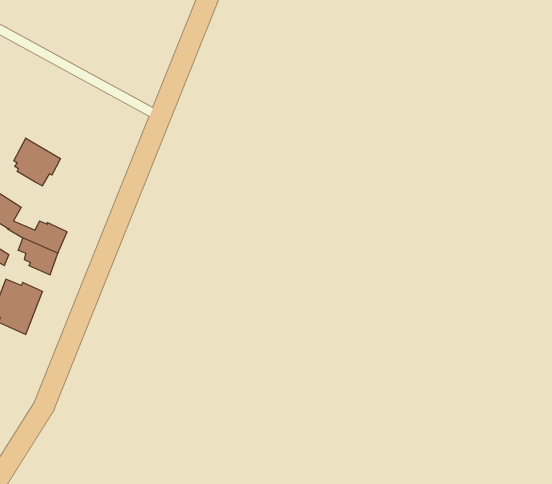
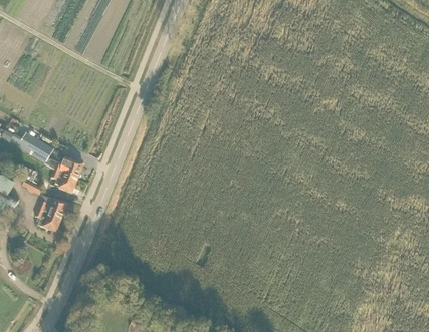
building: [14,138,60,186] -> none

